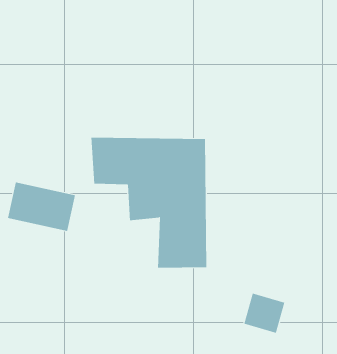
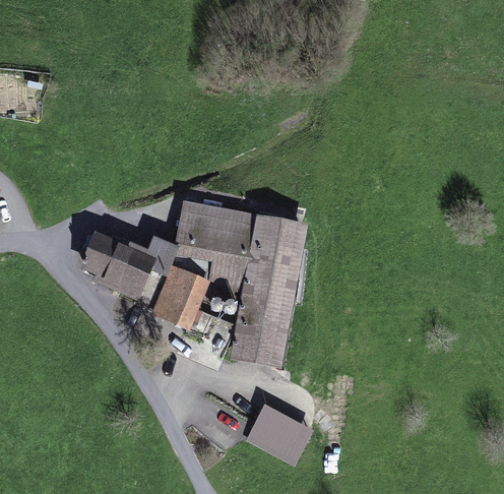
building: none -> [147,264,206,326]
building: [243,293,285,333] -> [248,406,298,454]

